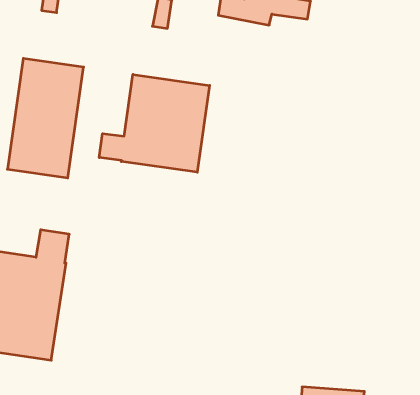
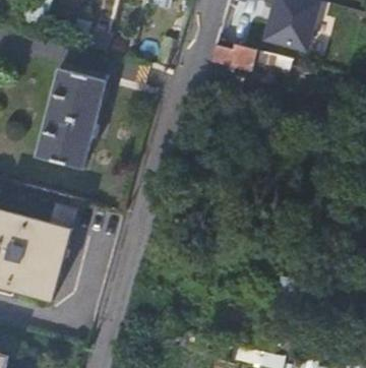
building: [99,74,210,172] -> none

